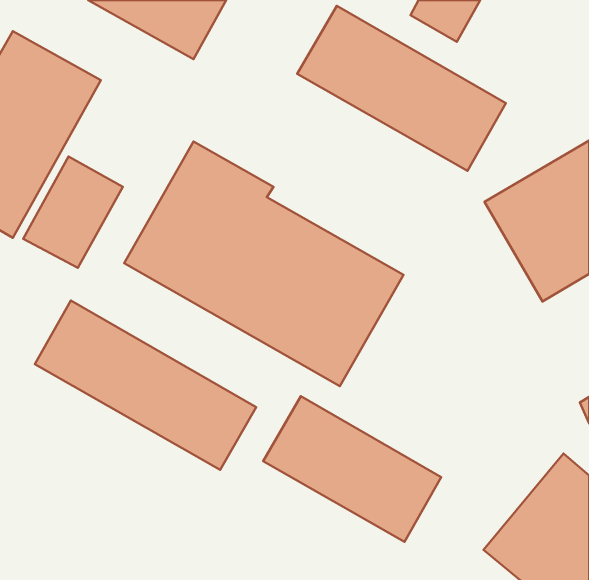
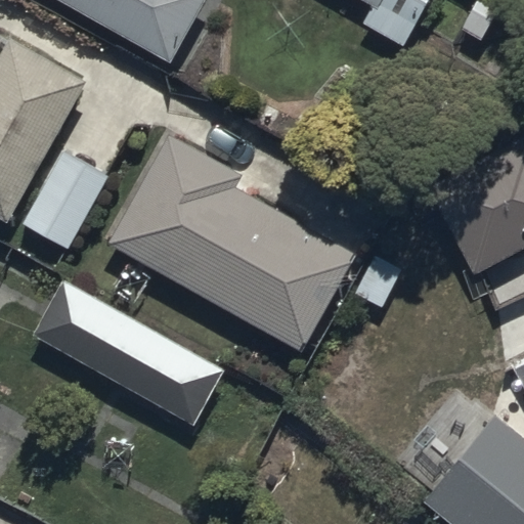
building: [297,6,506,171] -> none
building: [263,396,441,542] -> none

